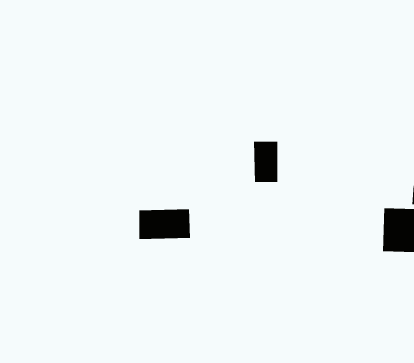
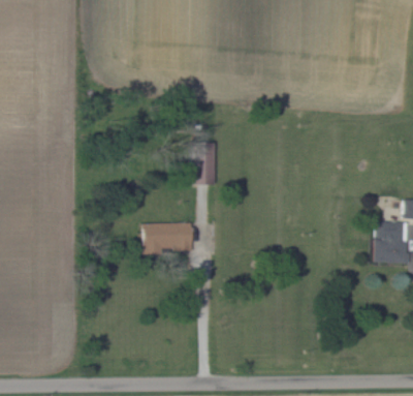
building: [253,141,278,182] -> [191,145,215,184]

